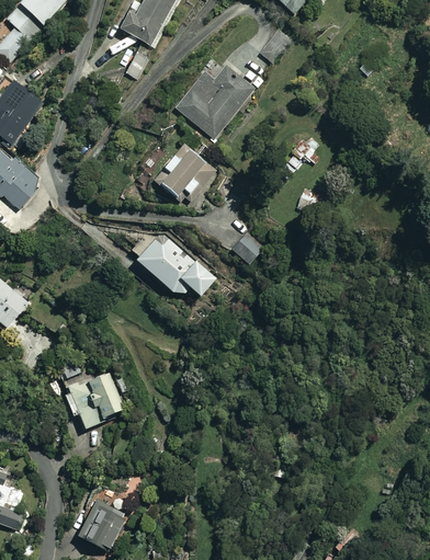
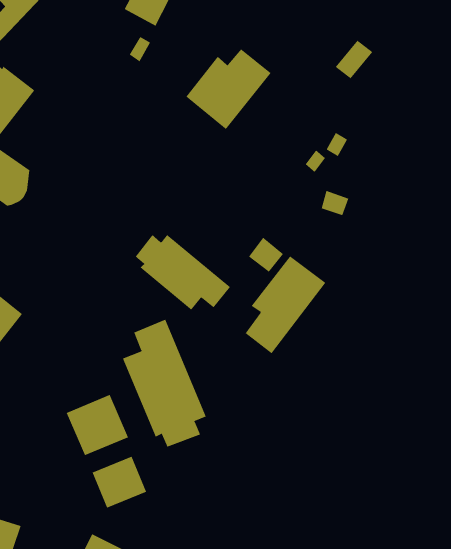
building: [257,27,291,62] -> [335,40,373,79]
building: [154,147,215,199] -> none
building: none -> [245,256,326,354]
building: none -> [122,319,206,448]
building: none -> [92,456,147,508]

